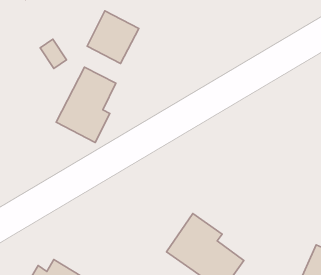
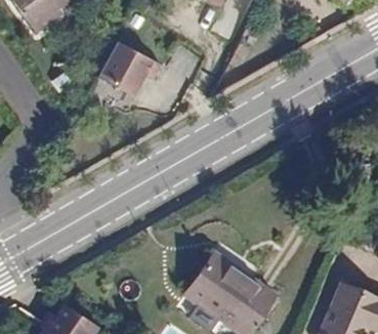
building: [56,67,116,142] -> none

